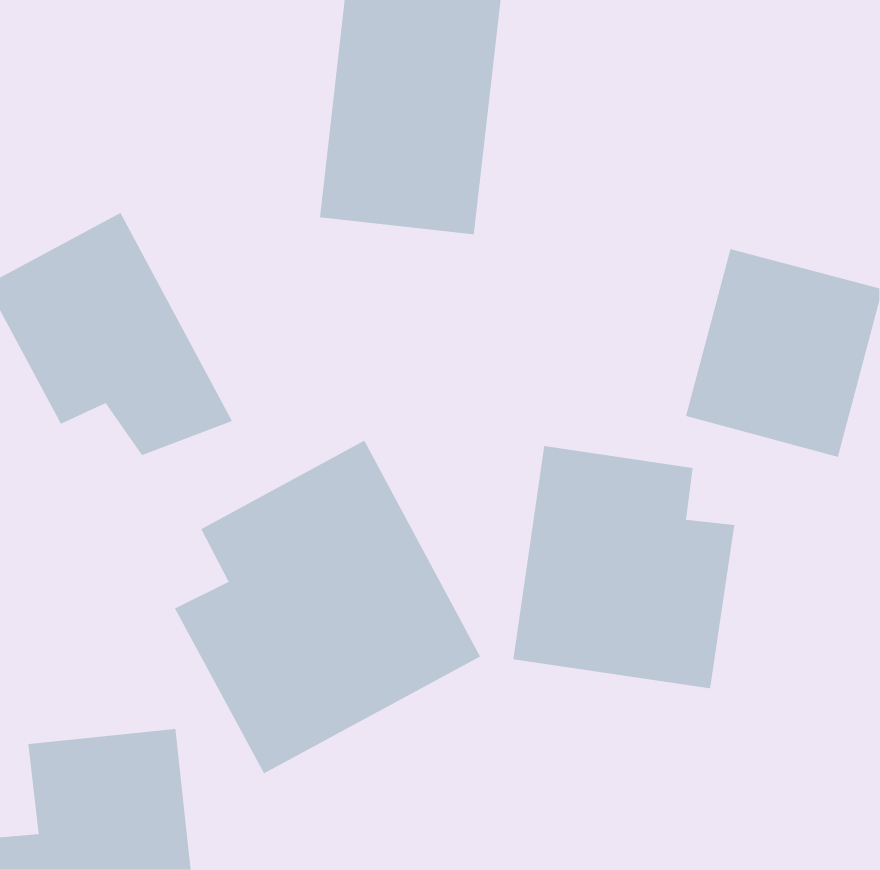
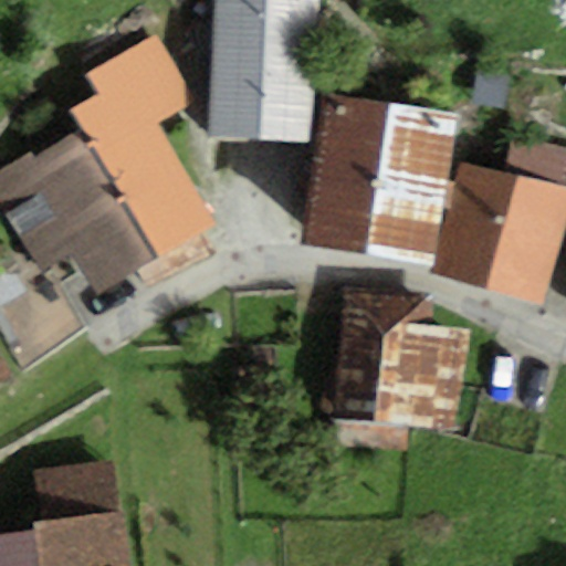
building: none -> [66,50,208,270]
building: none -> [305,87,462,264]
building: [174,440,481,774] -> none

